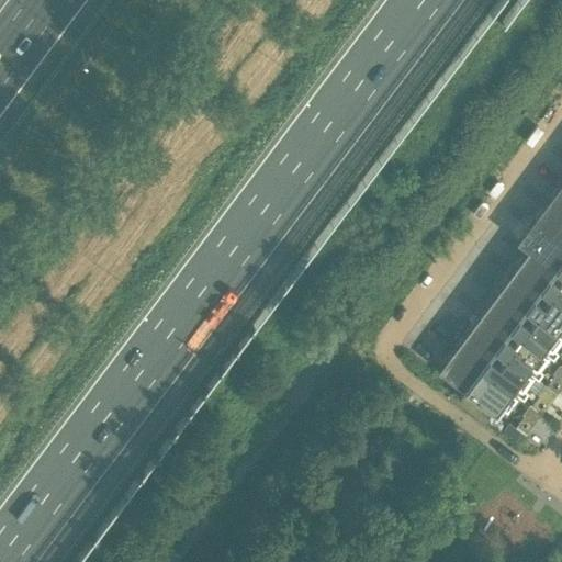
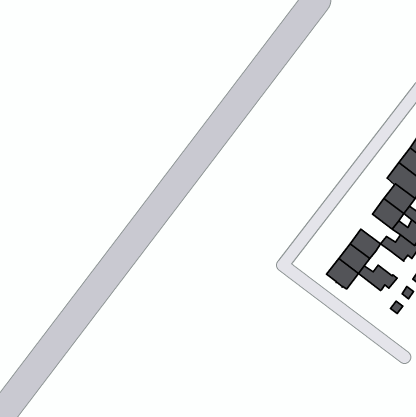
building: [487,290,529,329] -> none
building: [499,338,551,372] -> none
building: [462,369,520,419] -> none

